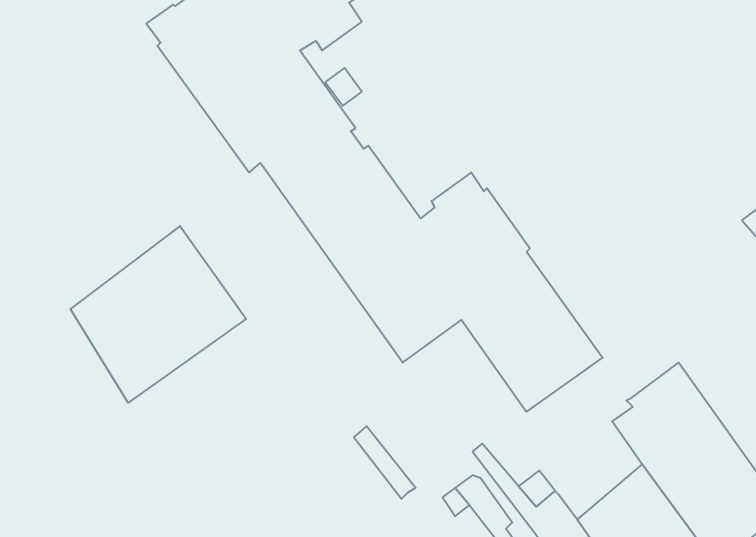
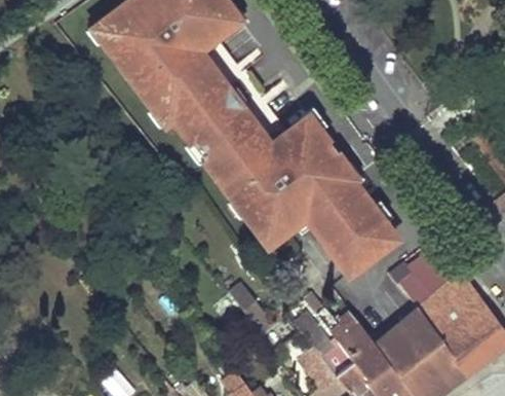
building: [71,226,246,403] -> none

